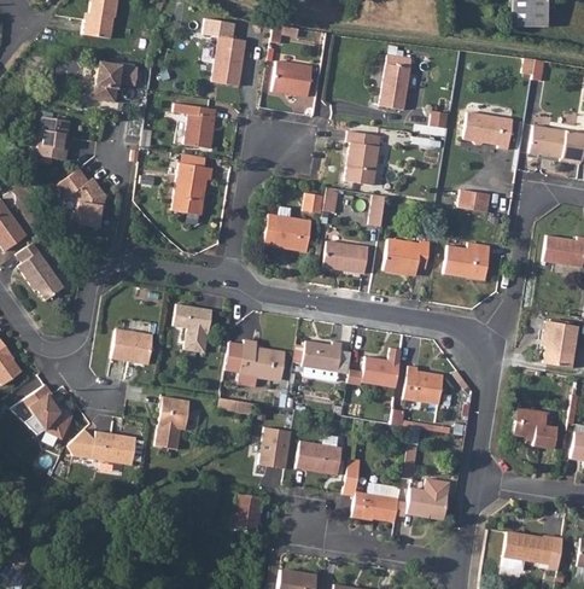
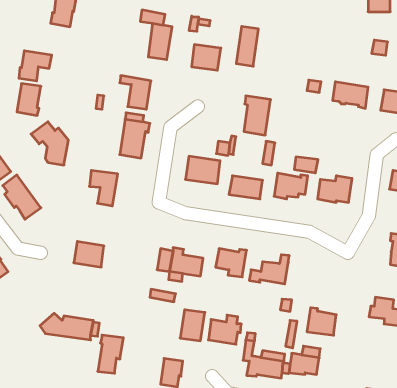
building: [379,56,409,110] -> [236,26,258,66]
building: [92,62,136,103] -> [19,51,52,81]
building: [457,191,490,212] -> [294,157,318,173]
building: [173,305,211,354] -> [89,170,118,206]
building: [407,367,446,404] -> [307,308,336,335]
building: [22,384,74,437] -> none
building: [156,397,191,449] -> [98,335,123,373]

